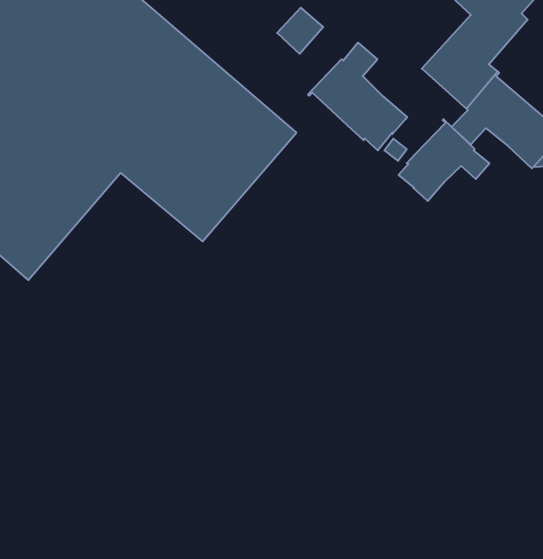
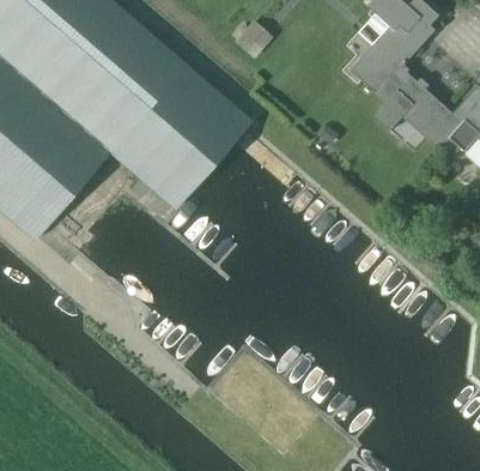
building: [308,43,407,150] -> none
building: [399,119,489,201] -> none

